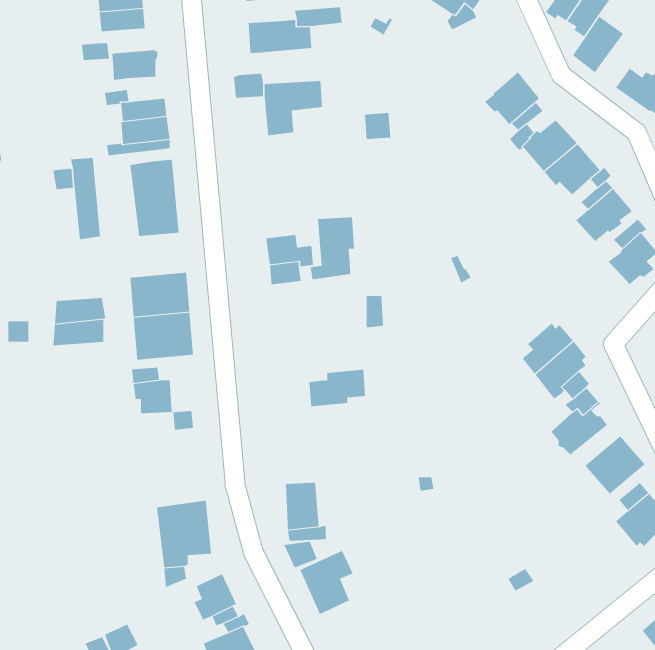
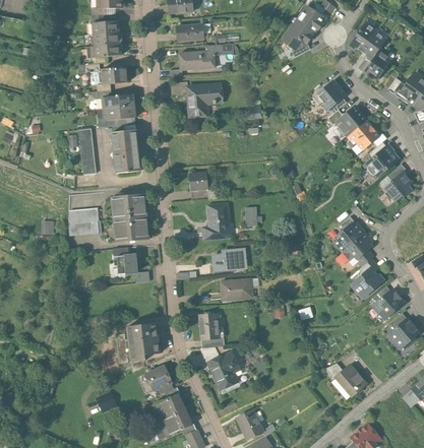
building: [310,217,355,280] -> [203,203,229,239]
building: none -> [221,277,253,299]
building: none -> [336,364,366,395]

